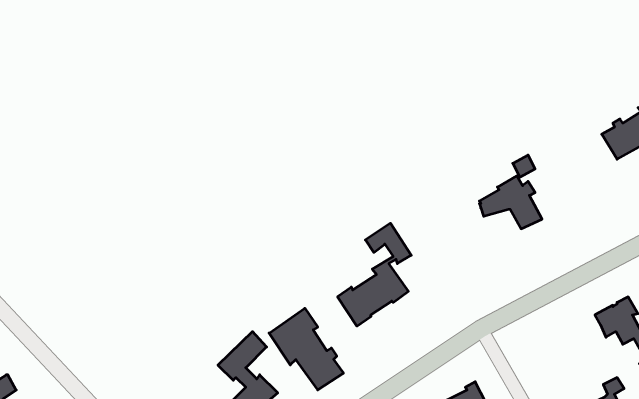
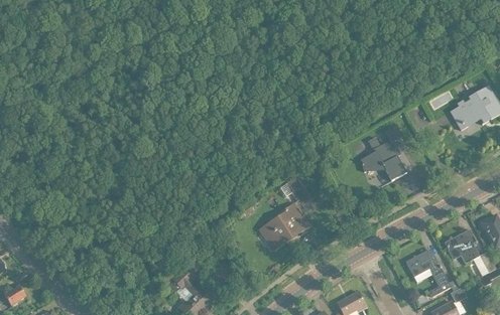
building: [269,308,343,390] -> none
building: none -> [406,250,452,297]

